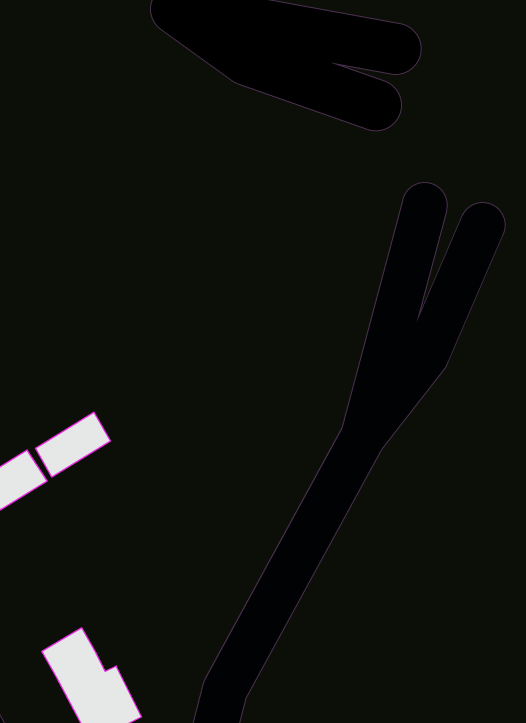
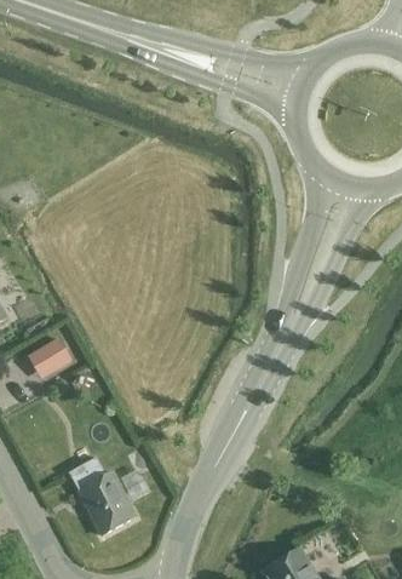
building: [35,412,110,477] -> none

